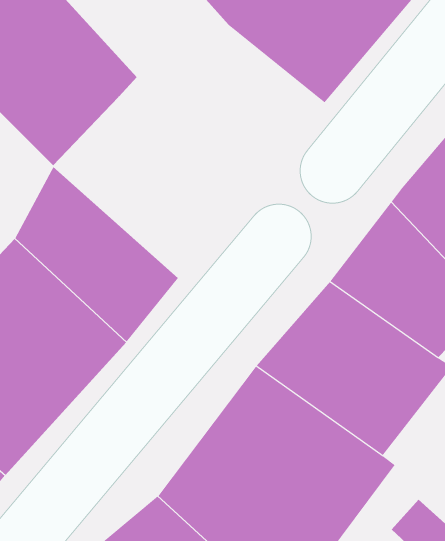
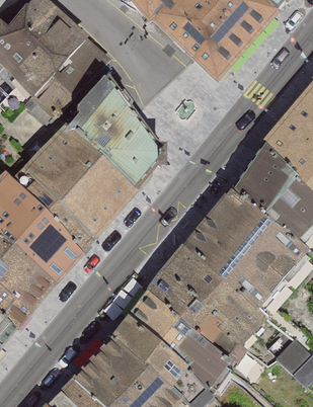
building: none -> [48,72,153,191]

